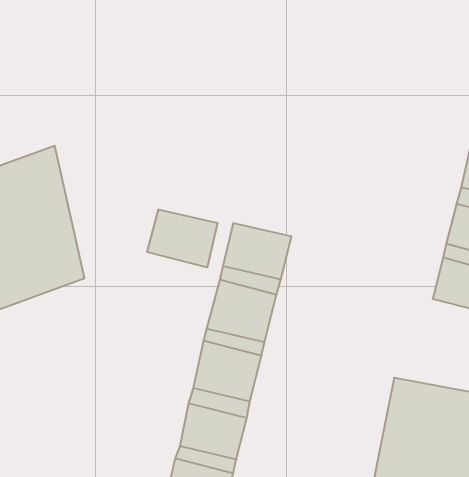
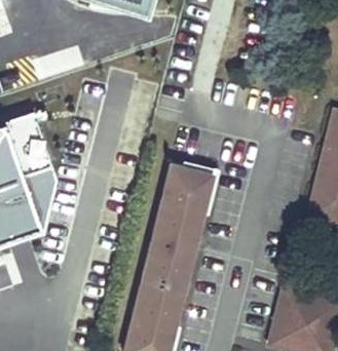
building: [147,209,217,267] -> none

